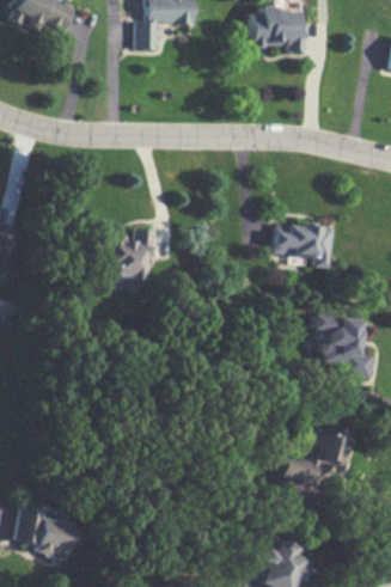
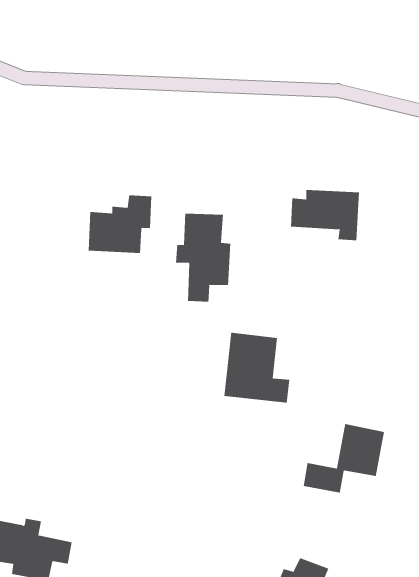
building: none -> [175,213,231,303]
building: [317,314,374,375] -> [223,332,290,403]

